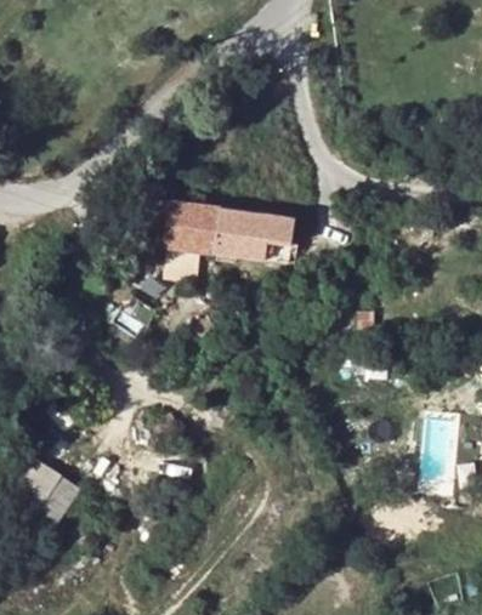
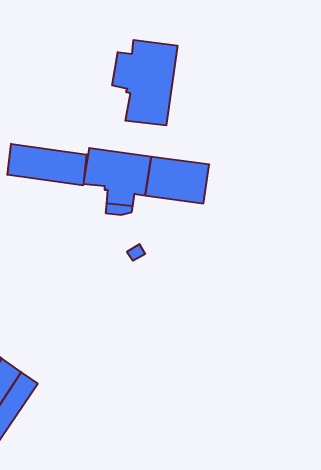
building: none -> [112,40,177,125]
building: none -> [8,144,87,185]

